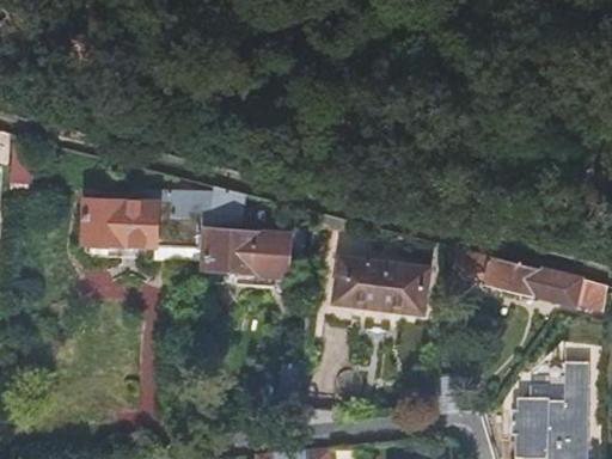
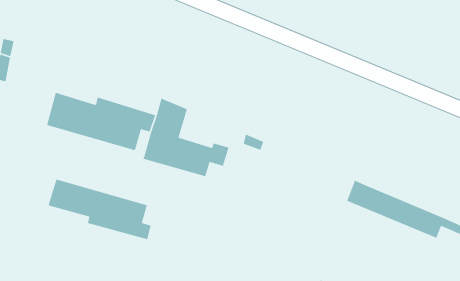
building: [330,257,429,323] -> none
building: none -> [47,178,152,240]

